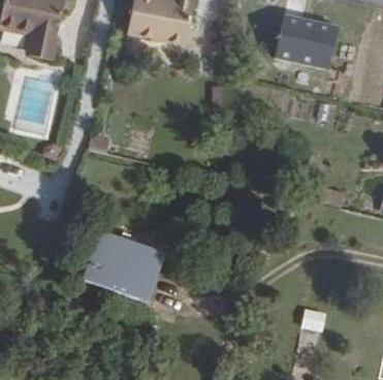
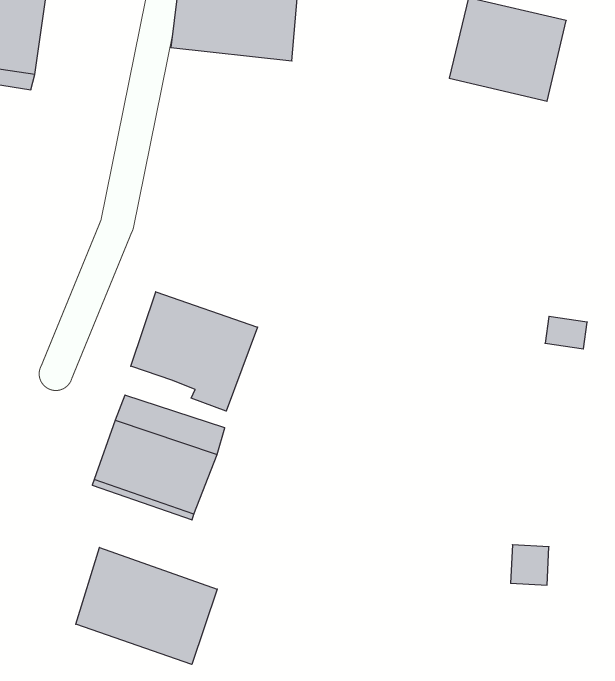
building: none -> [131,292,258,411]
building: none -> [76,547,217,664]

